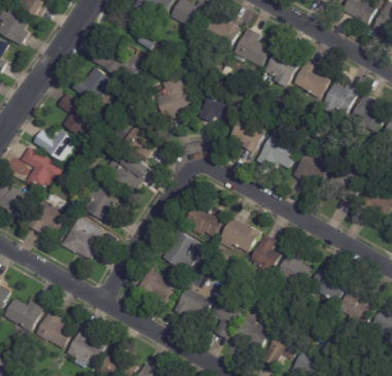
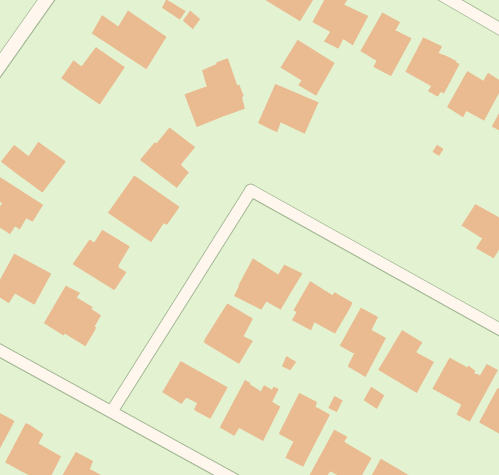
building: [59,94,95,135] -> none
building: [229,115,265,152] -> [280,39,336,96]
building: [256,126,298,168] -> none
building: [294,149,330,181] -> none

